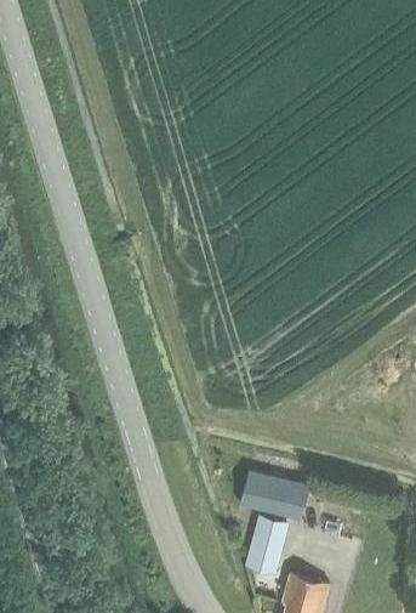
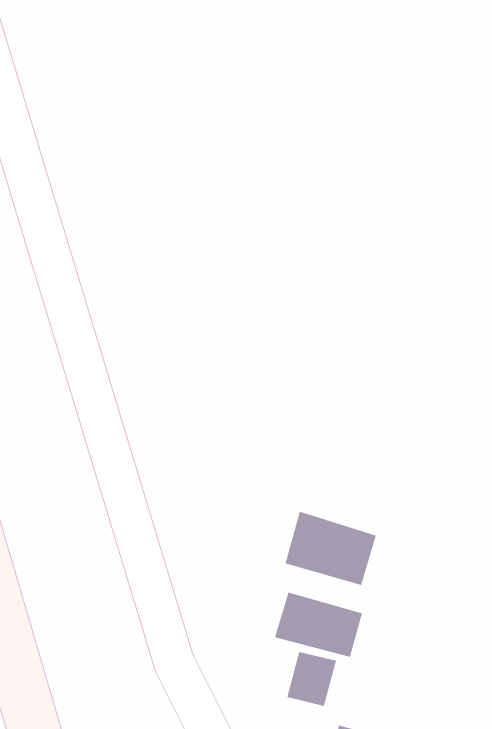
building: none -> [285,511,376,586]

